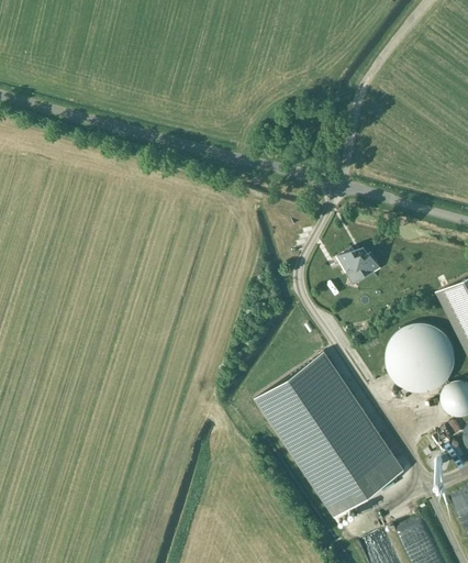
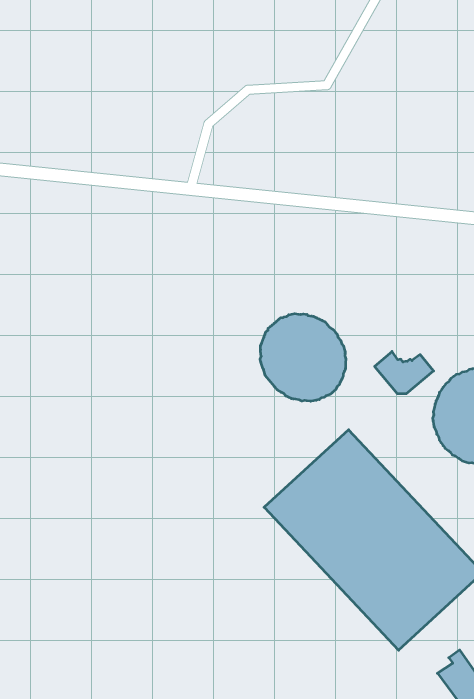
building: [338,250,380,282] -> [375,351,434,394]
building: none -> [260,314,346,401]

